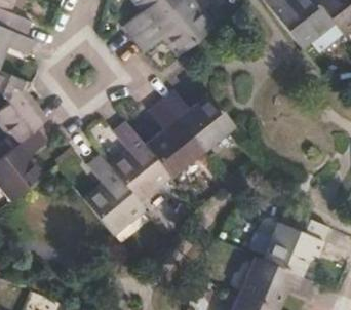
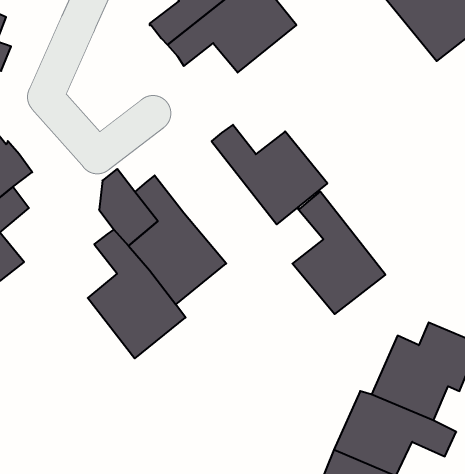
building: [144,100,202,177] -> [292,192,385,314]

